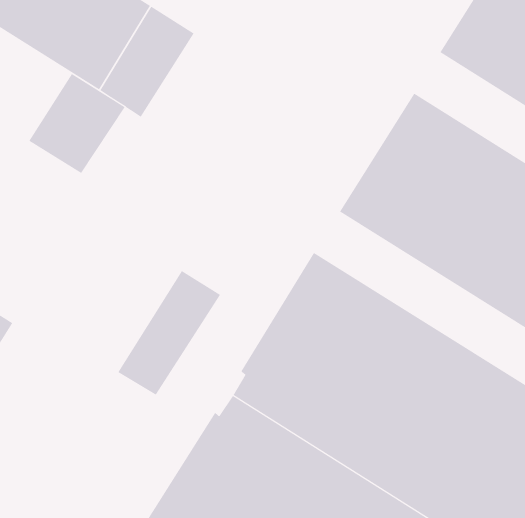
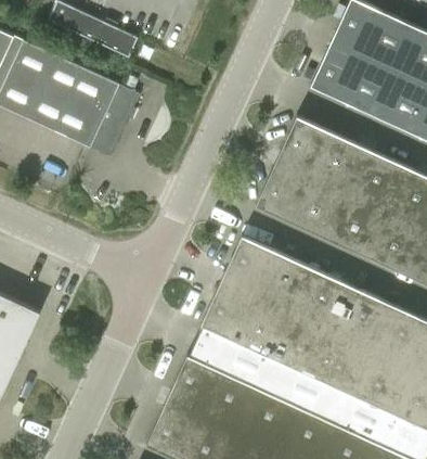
building: [29,73,125,174] -> none
building: [118,270,221,395] -> none

